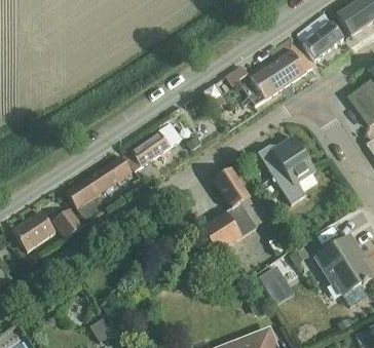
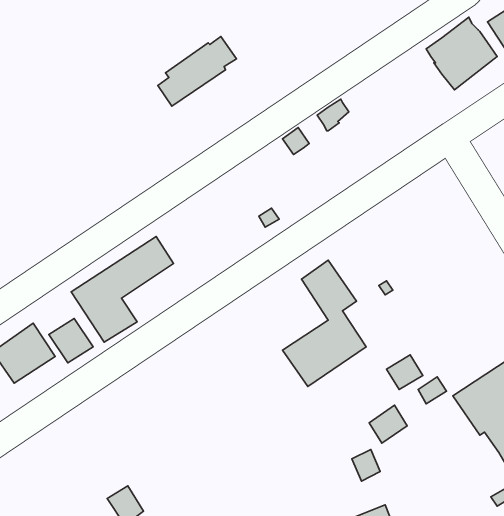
building: [249,35,313,100] -> none
building: [126,124,178,169] -> [158,37,237,106]
building: [258,137,316,204] -> none

